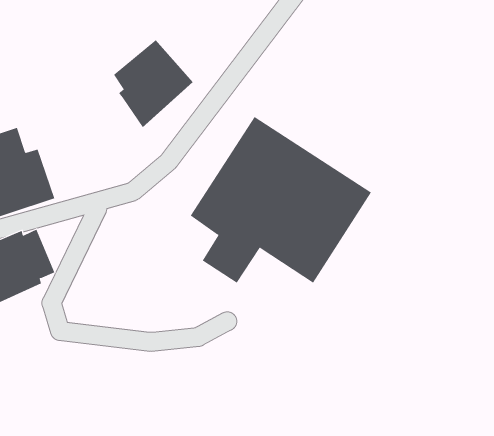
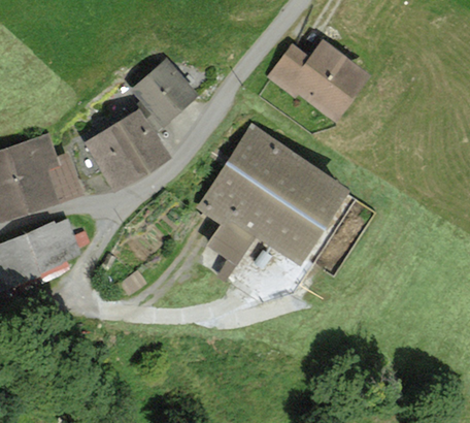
building: none -> [266,37,372,123]
building: none -> [65,108,171,193]

